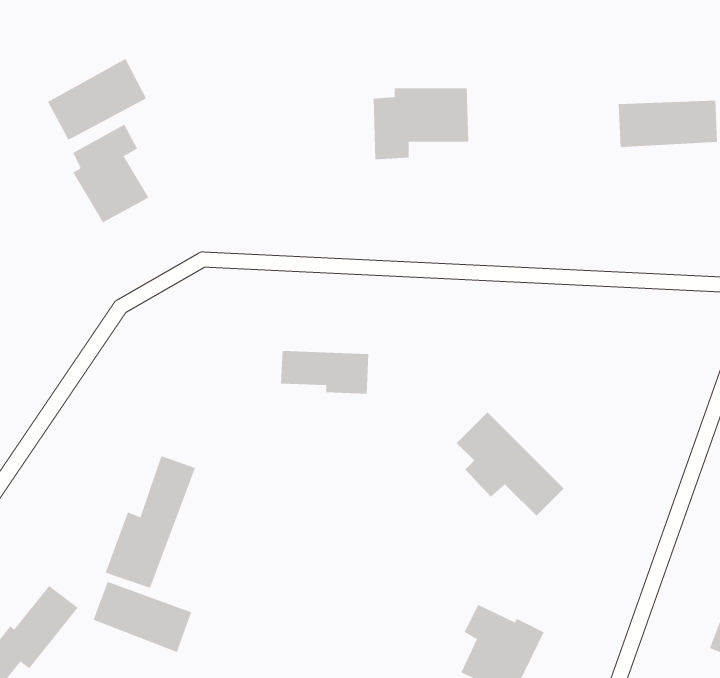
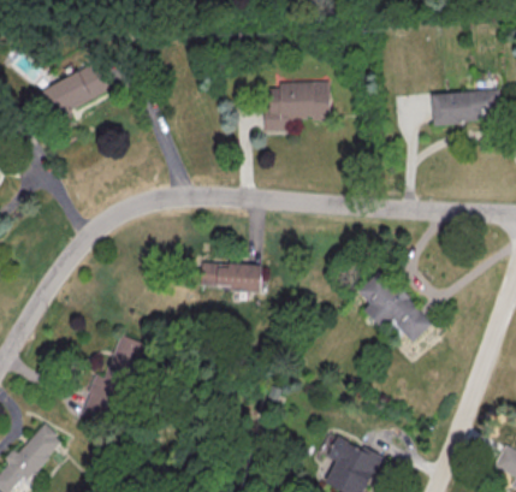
building: [72,124,149,223] -> none
building: [456,412,564,517] -> [357,269,432,342]
building: [93,581,192,653] -> none

